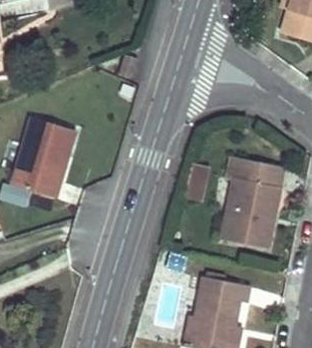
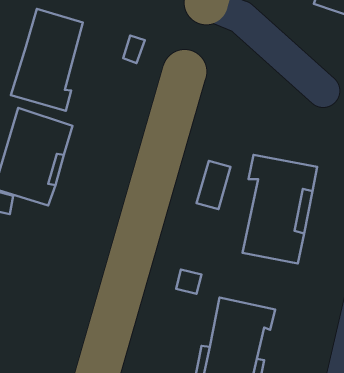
building: none -> [11,9,83,111]

